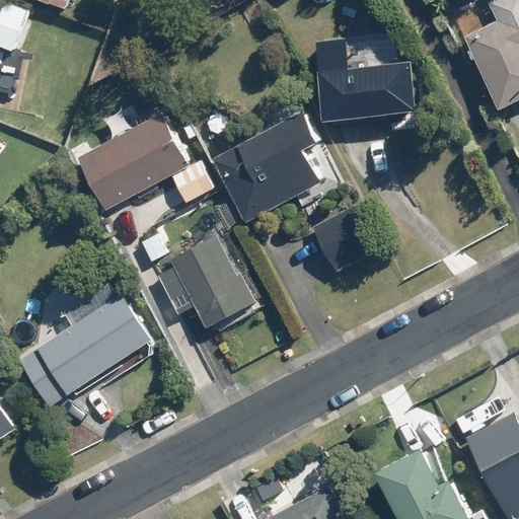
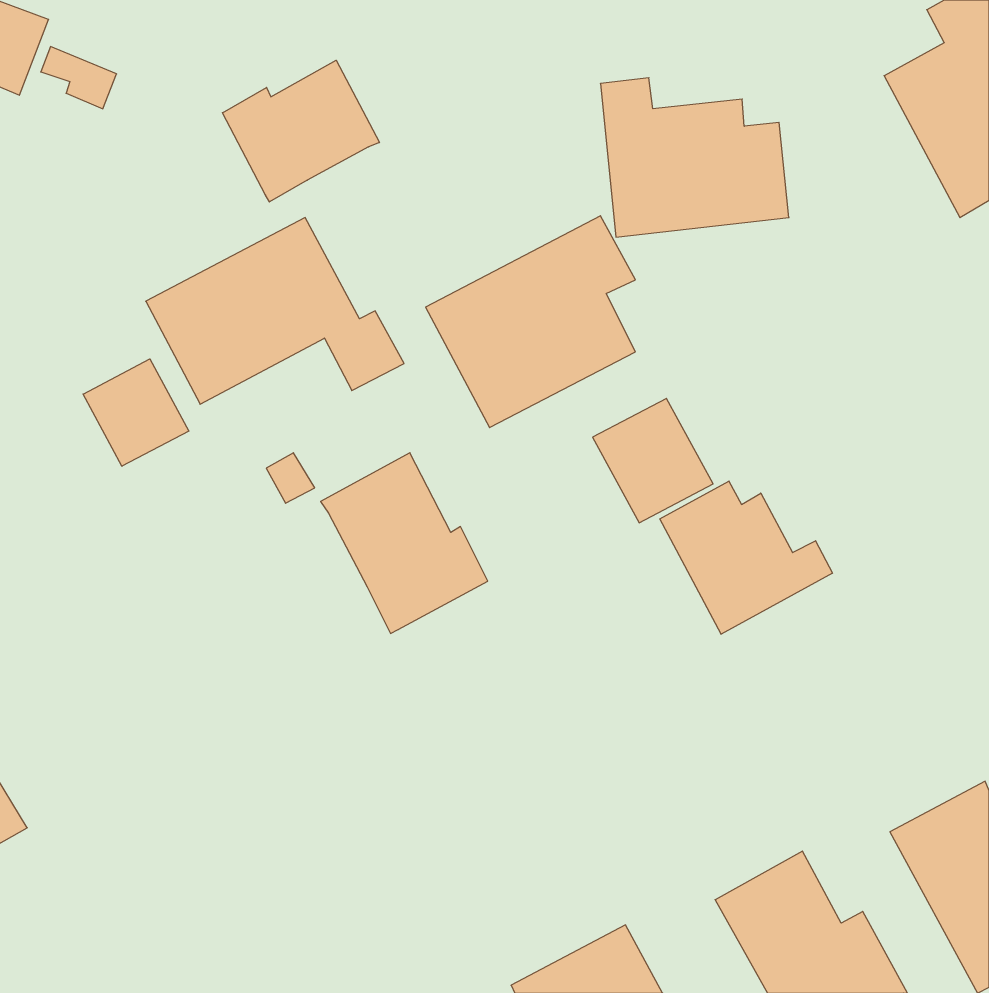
building: none -> [222,60,379,202]
building: none -> [83,359,189,466]
building: none -> [660,481,832,634]
building: [28,283,164,410] -> none

